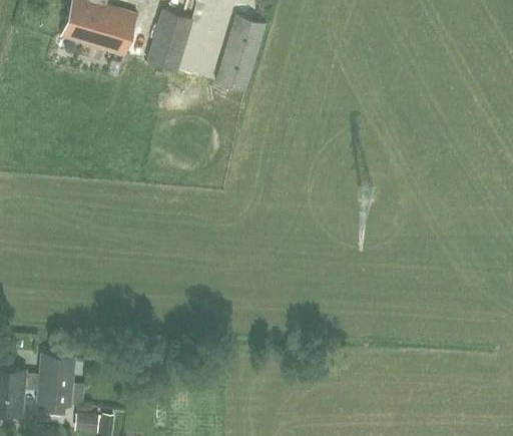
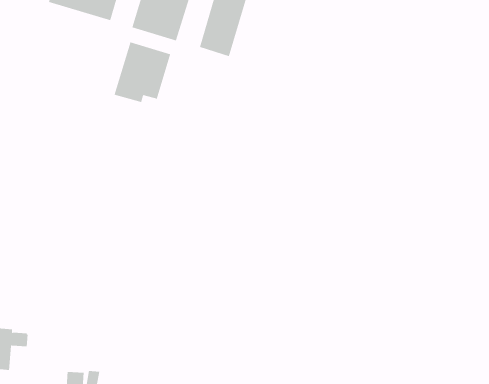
building: none -> [114,41,171,103]
building: [37,355,83,416] -> none

